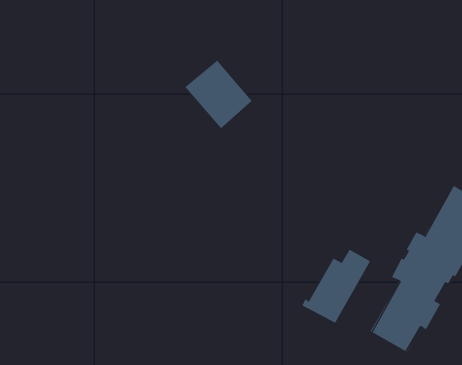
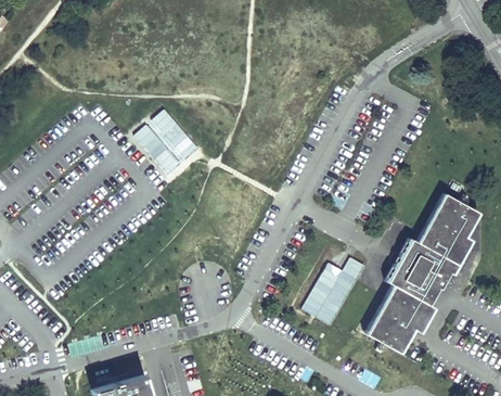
building: [185,60,253,129] -> [136,108,201,175]

